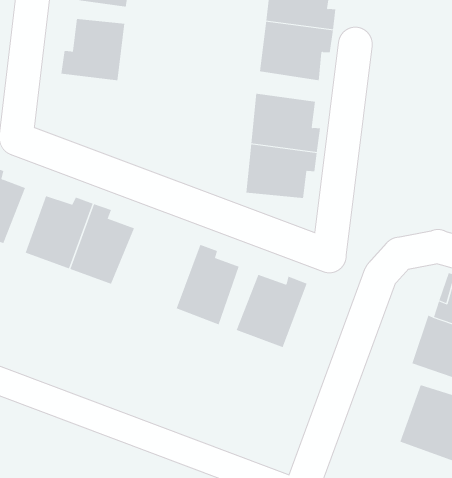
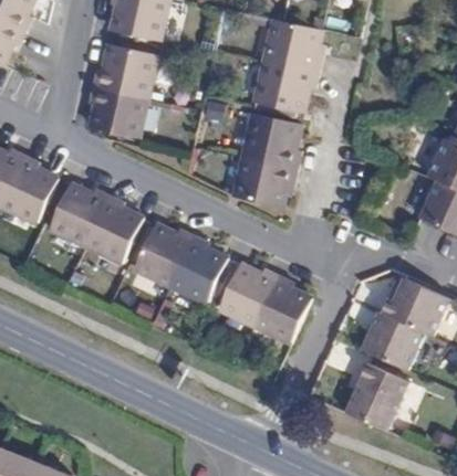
building: none -> [90,86,139,144]
building: none -> [134,223,195,286]
building: none -> [256,275,310,341]

